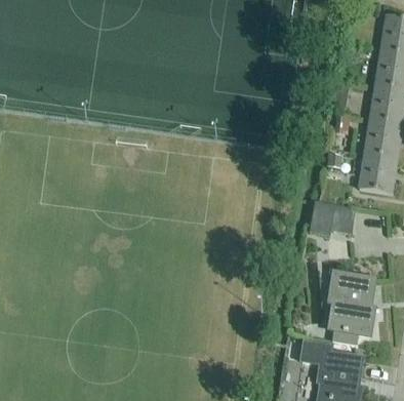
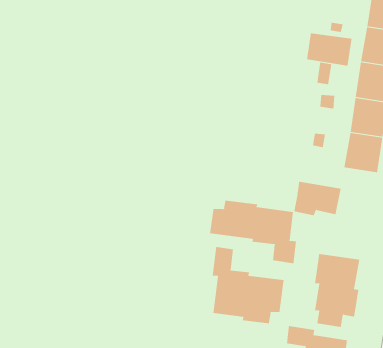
building: none -> [307,33,352,66]
building: none -> [210,200,296,264]
building: none -> [212,246,284,324]

